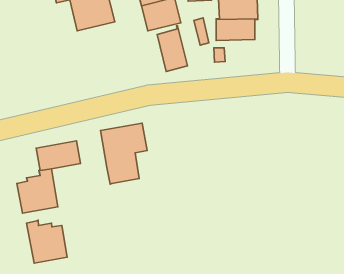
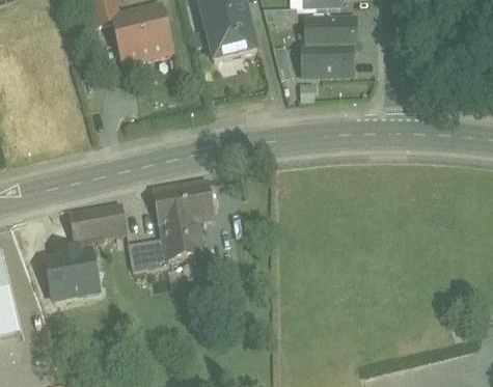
building: [157,26,187,71] -> none
building: none -> [128,238,168,270]
building: [26,220,67,263] -> none

